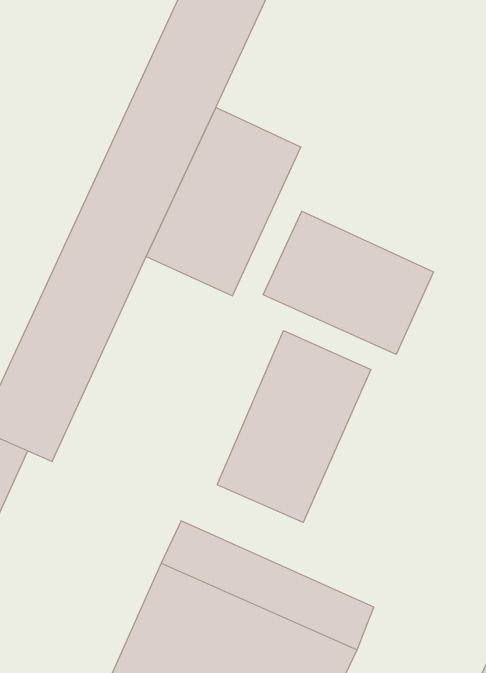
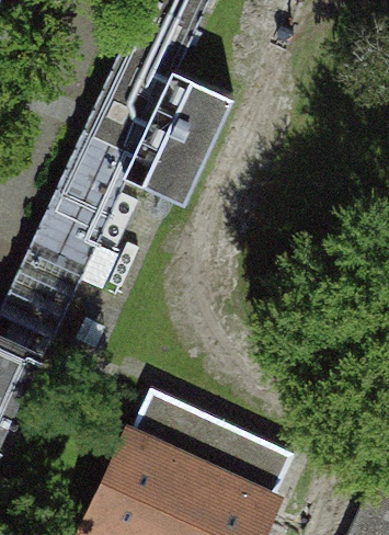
building: [263,211,434,354] -> none
building: [217,331,371,522] -> none

